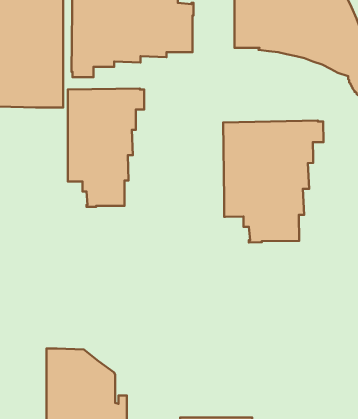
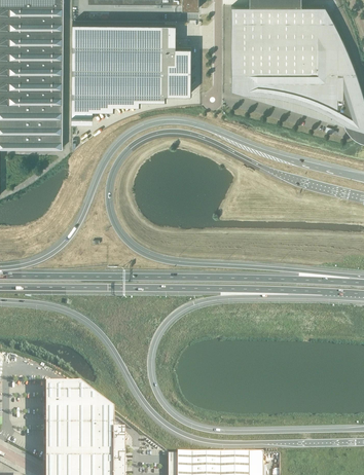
building: [68,88,144,207] -> none
building: [223,120,324,242] -> none

